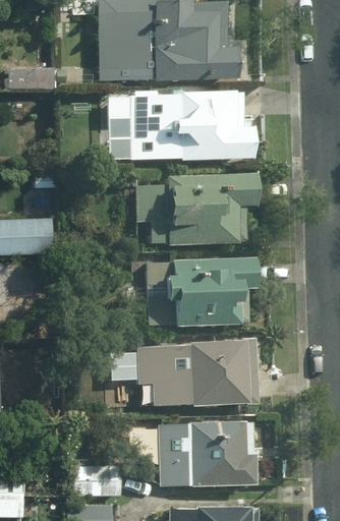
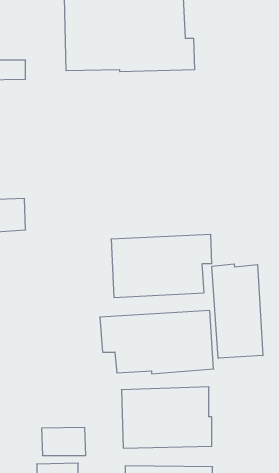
building: [128,91,253,160] -> none
building: [134,172,258,244] -> none
building: none -> [212,264,263,358]

